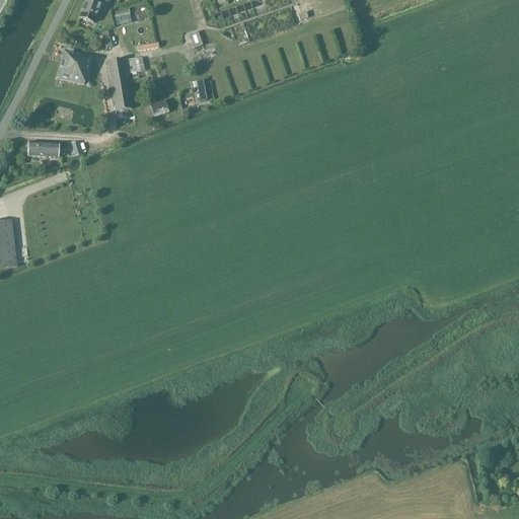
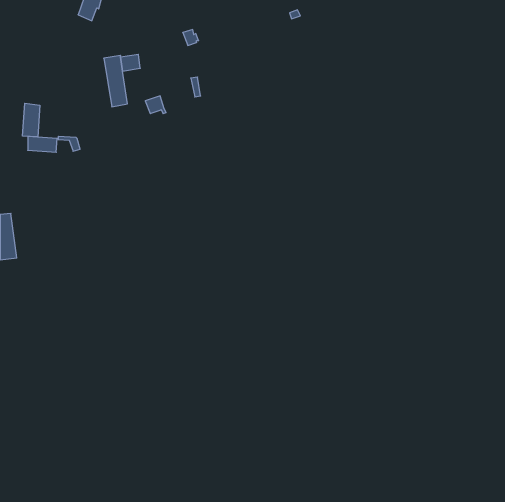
building: [56,49,93,83] -> none
building: none -> [23,103,40,137]

